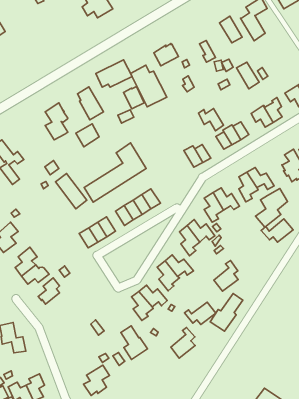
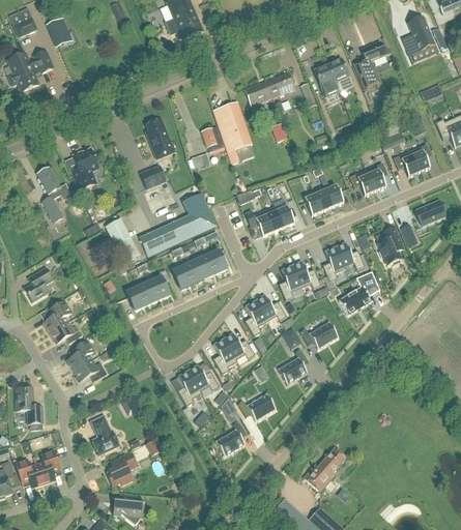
building: none -> [264,71,294,96]
building: [96,60,132,87] -> none
building: [236,62,259,89] -> [313,63,338,95]
building: [45,103,68,140] -> [70,146,98,189]
building: [198,108,224,131] -> [244,209,272,236]
building: [261,219,293,242] -> [299,321,338,348]
building: none -> [74,358,107,381]
building: [210,294,243,331] -> [302,447,345,491]
building: [121,326,147,360] -> [90,414,119,454]

